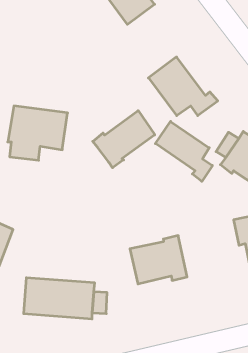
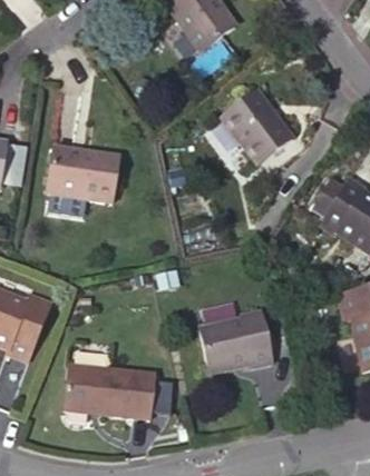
building: [93,111,155,168] -> none
building: [155,121,212,181] -> none

